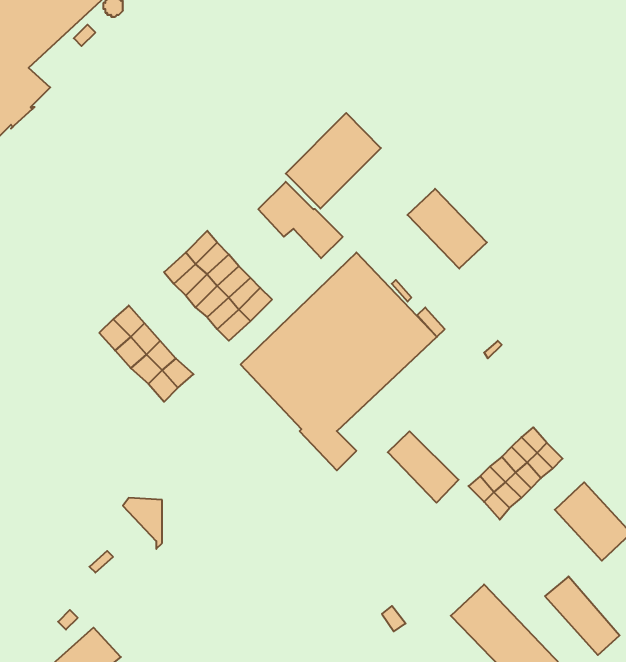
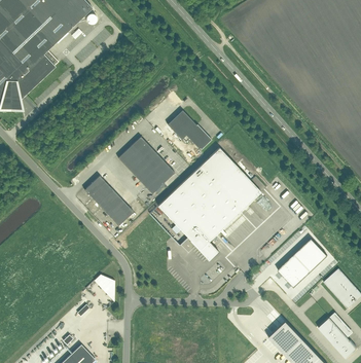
building: [286,113,381,209] -> none
building: [407,189,487,269] -> none
building: [388,431,459,503] -> none

